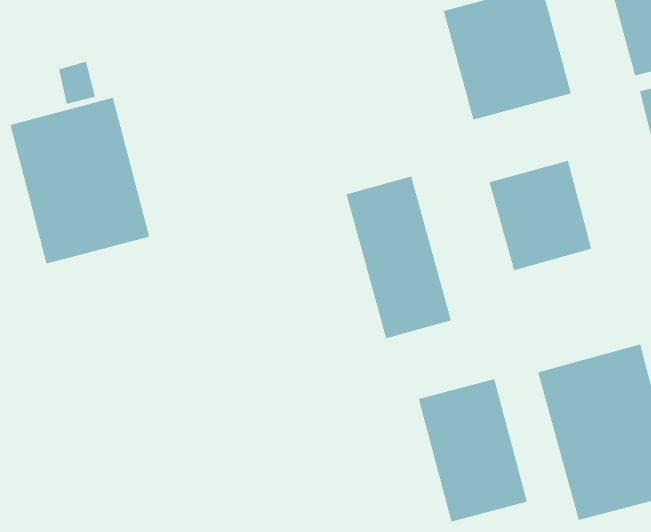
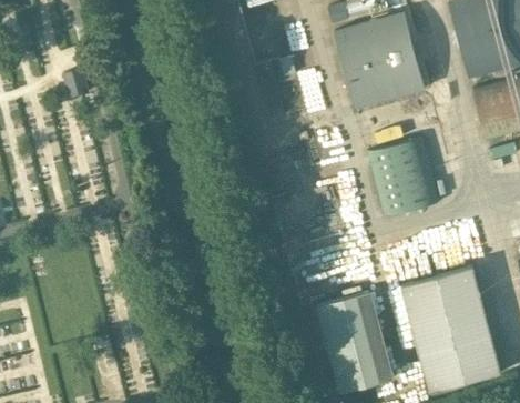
building: [9,97,150,264] -> none
building: [345,175,452,339] -> none

